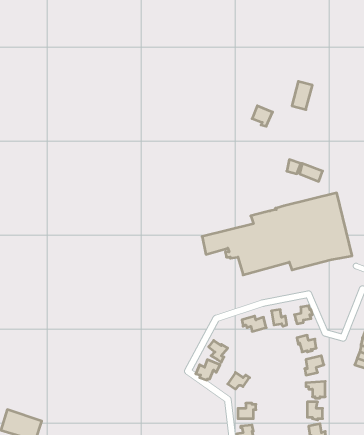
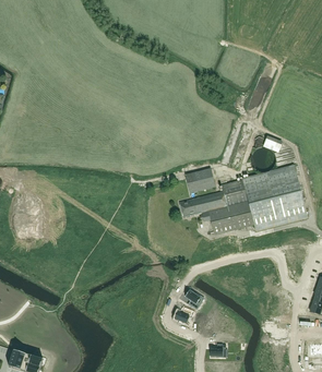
building: none -> [184,169,215,194]

